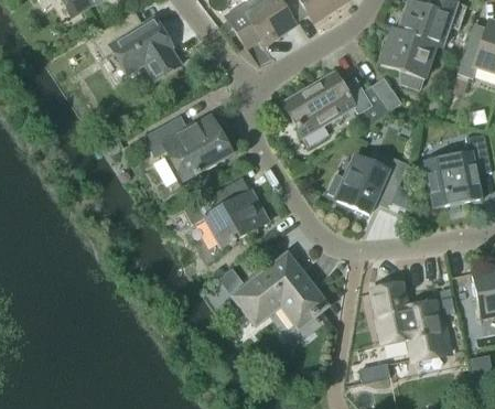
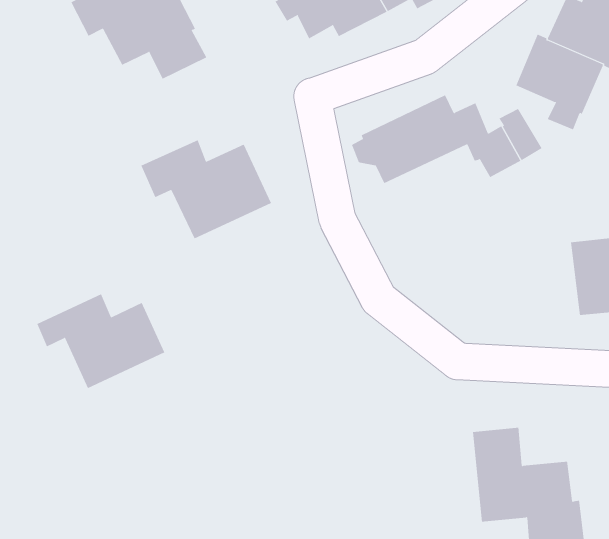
building: [326,154,409,213] -> none
building: [185,185,269,247] -> [37,293,165,389]
building: [234,251,329,326] -> none

